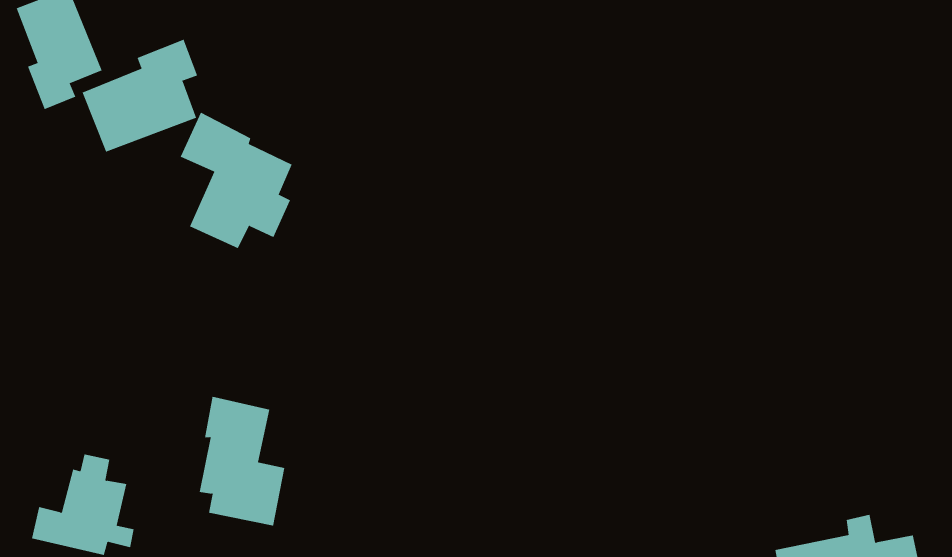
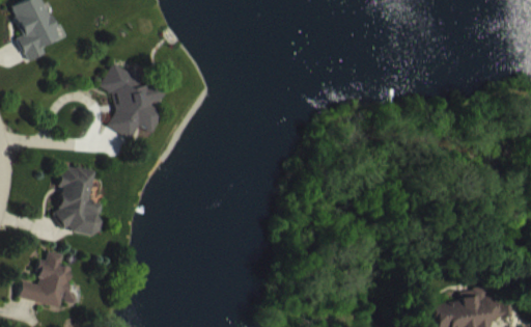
building: [82,39,198,152] -> none
building: [199,396,285,526] -> [56,164,104,236]

